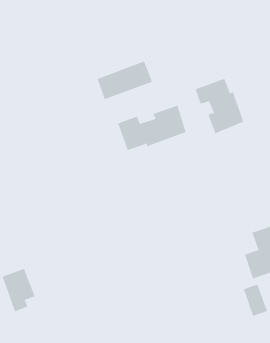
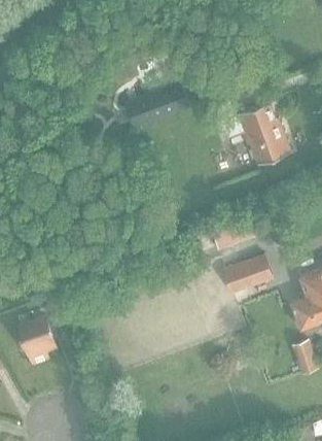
building: [117,105,186,151] -> none
building: none -> [222,253,273,295]

